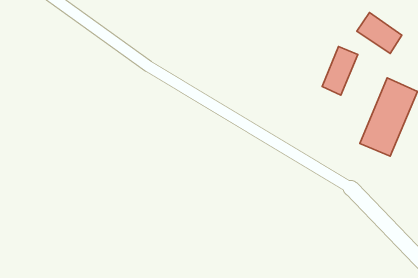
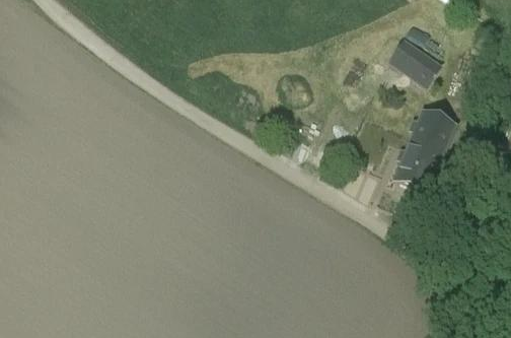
building: [322,46,358,95] -> none

